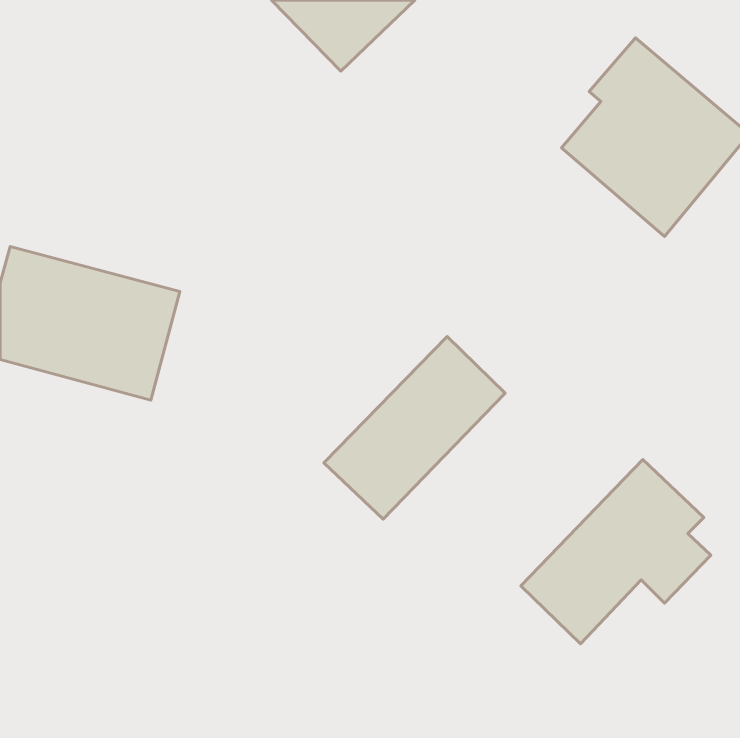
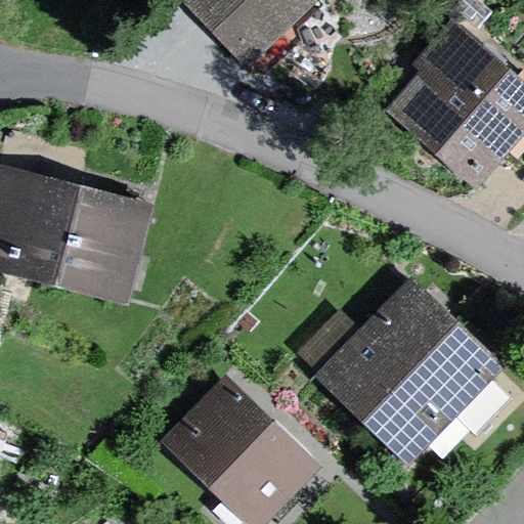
building: [324,337,505,519] -> [326,287,454,416]
building: none -> [180,394,296,509]

